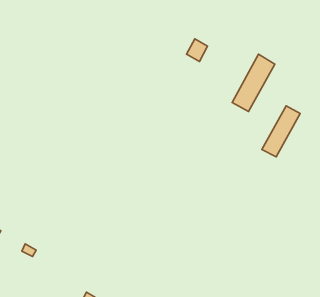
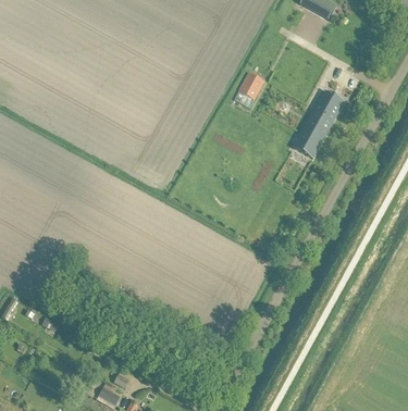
building: [262,106,300,157] -> none

